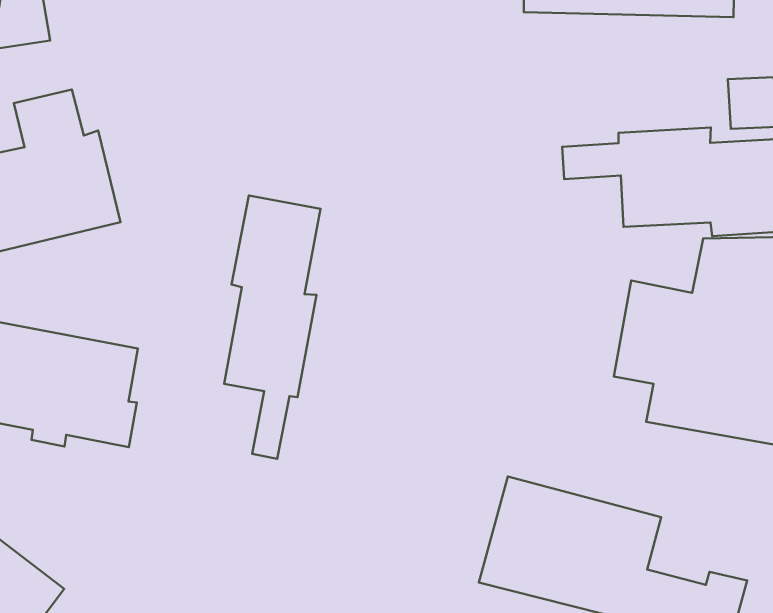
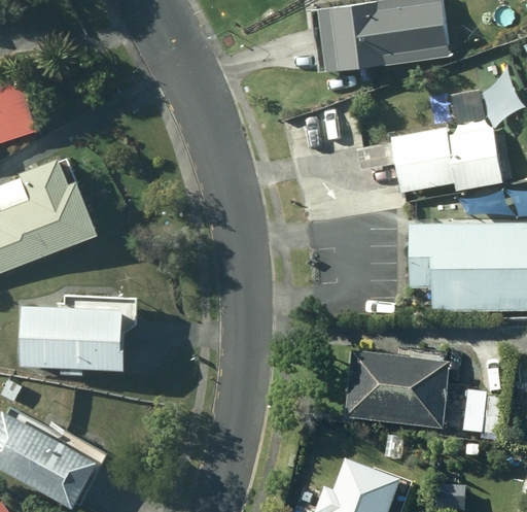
building: [224,195,320,459] -> none

